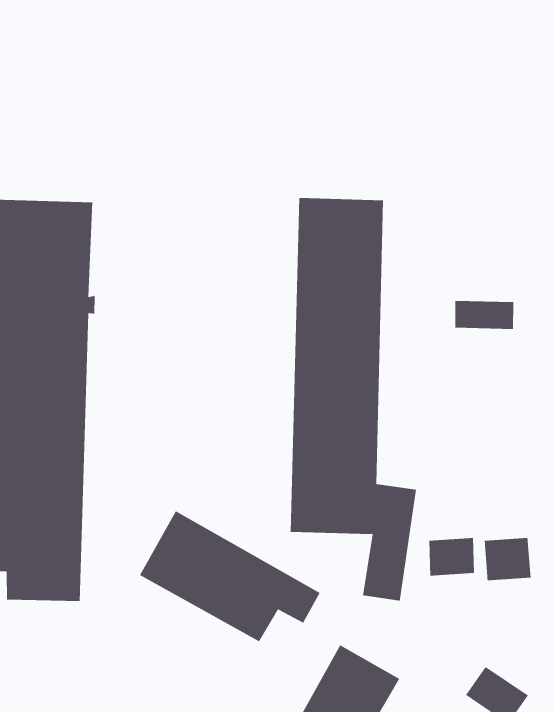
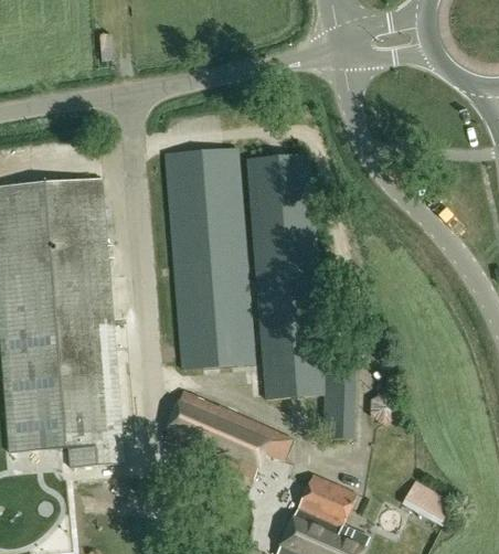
building: none -> [166,149,252,367]
building: [455,300,514,330] -> none
building: [484,537,531,581] -> none

